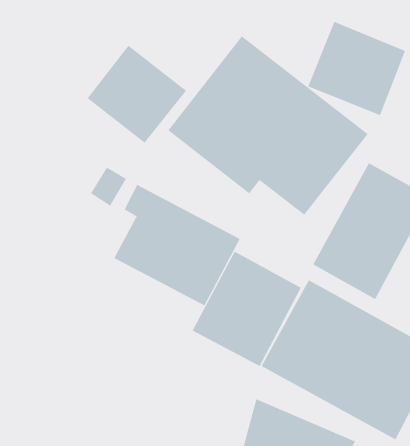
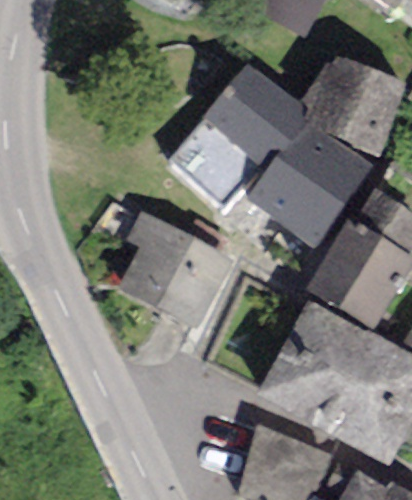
building: [87,45,187,143] -> none
building: [192,251,301,367] -> none

